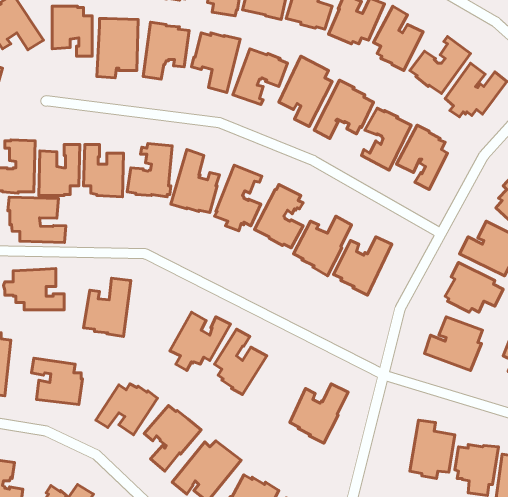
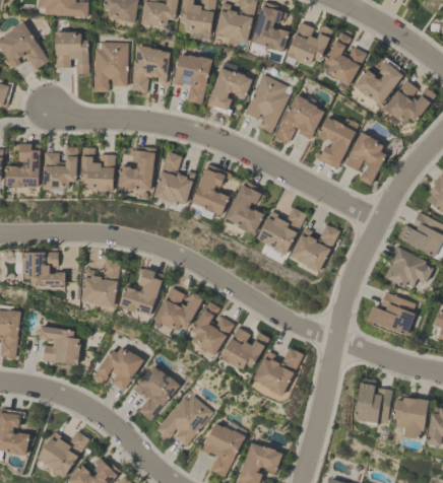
building: [8,197,66,242] -> none
building: none -> [120,267,163,316]
building: none -> [219,327,269,370]

